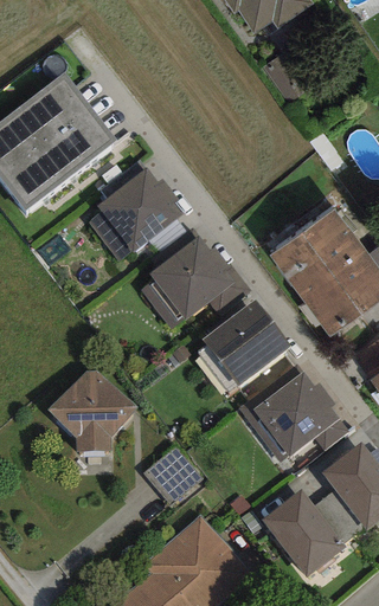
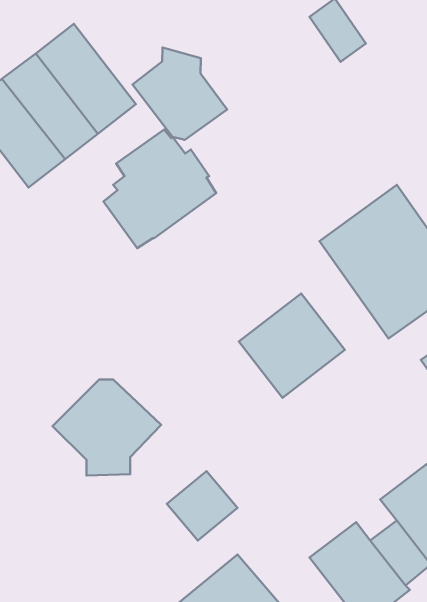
building: none -> [132,47,227,140]
building: [140,228,251,330] -> none
building: [236,363,348,465] -> none

